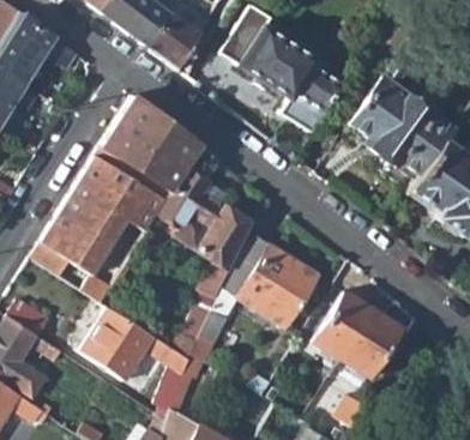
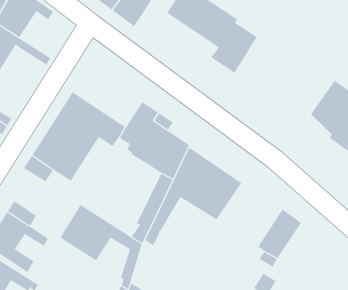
building: [349,59,453,179] -> none
building: [96,96,203,203] -> none
building: [313,293,374,361] -> none

